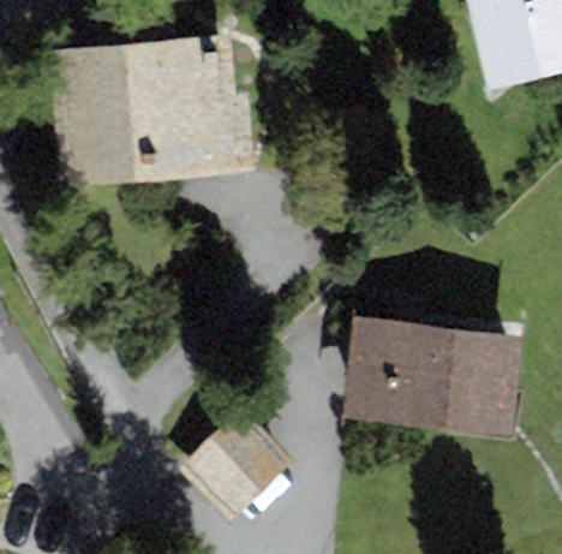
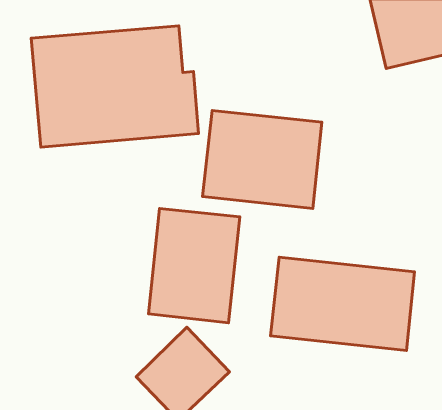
building: none -> [202,110,322,208]
building: none -> [148,208,240,323]

